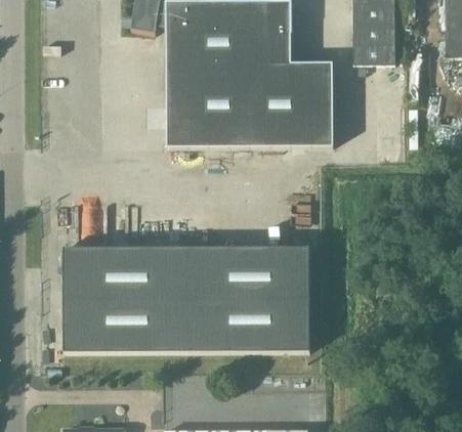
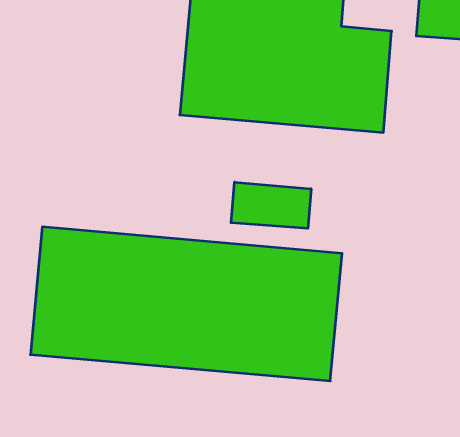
building: none -> [231,182,311,228]

